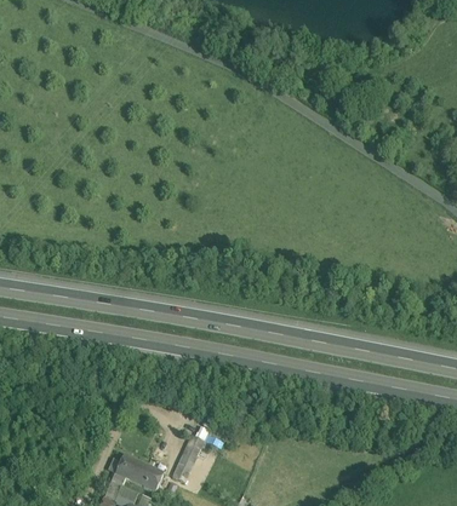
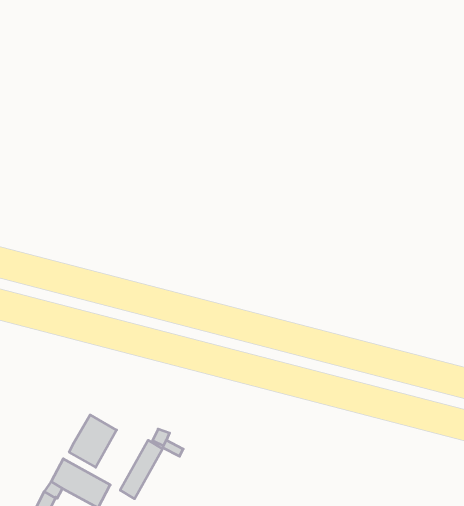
building: none -> [69,415,117,467]

